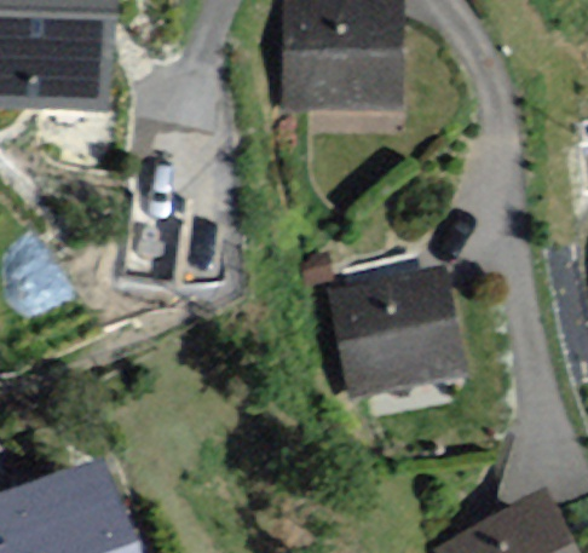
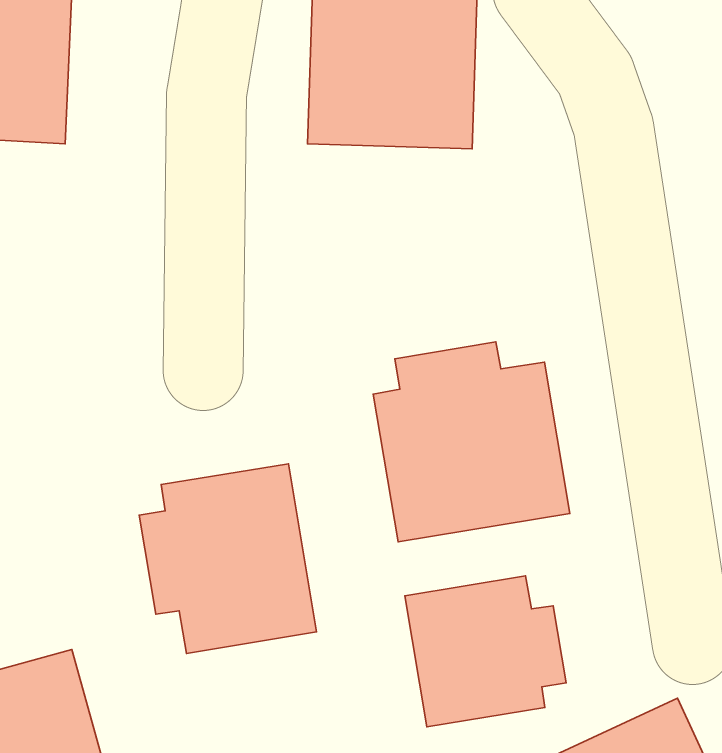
building: none -> [139,464,317,654]
building: none -> [405,576,566,727]

